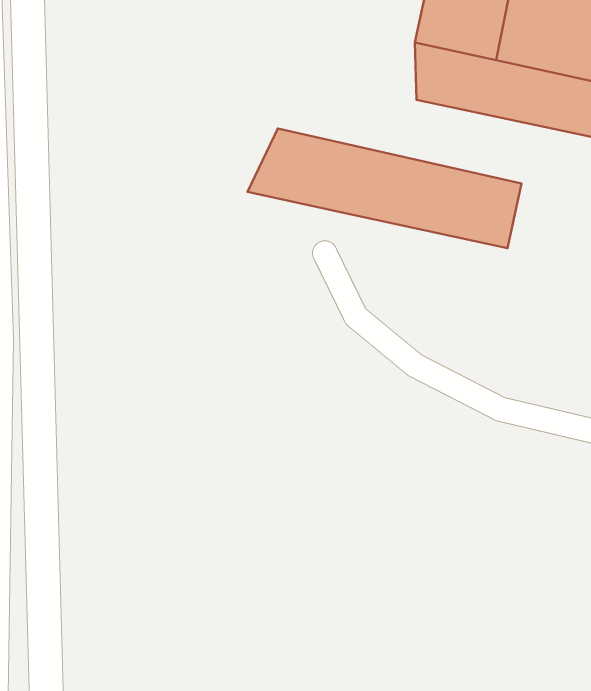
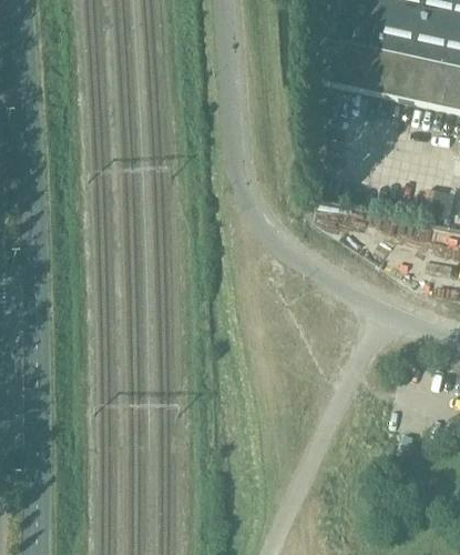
building: [248,128,522,248] -> none

